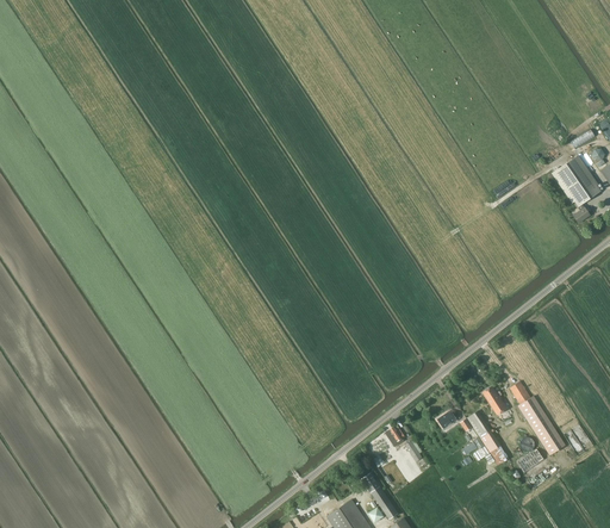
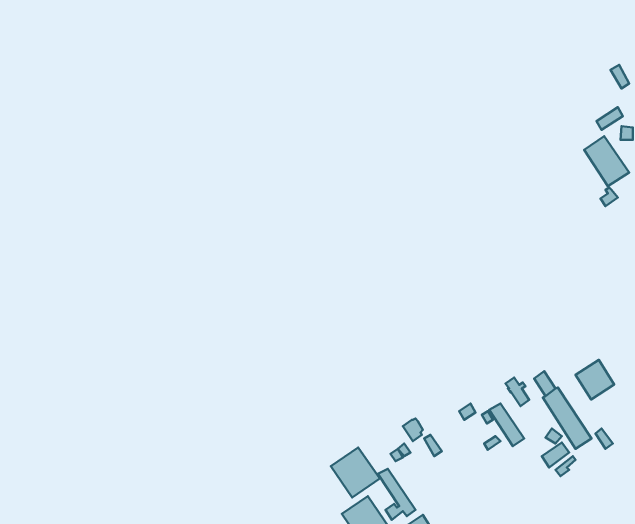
building: none -> [575,360,614,400]
building: none -> [331,447,380,497]

